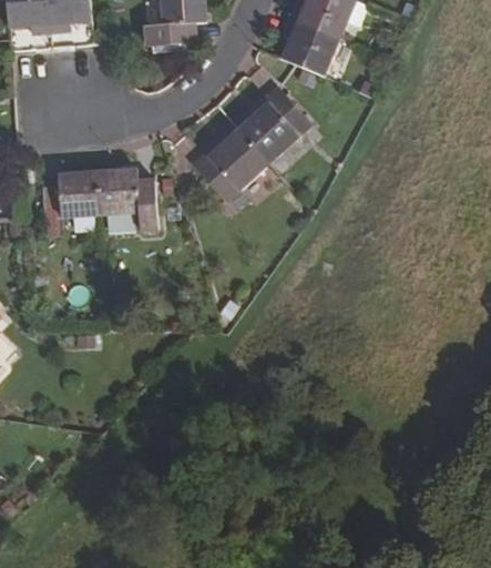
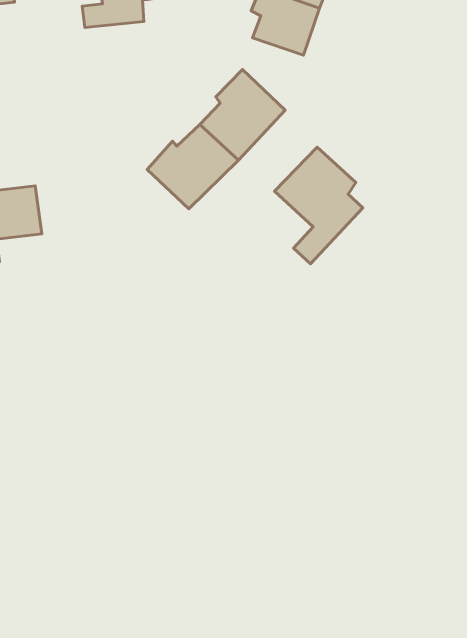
building: none -> [275,147,363,264]
building: [100,170,160,227] -> none

